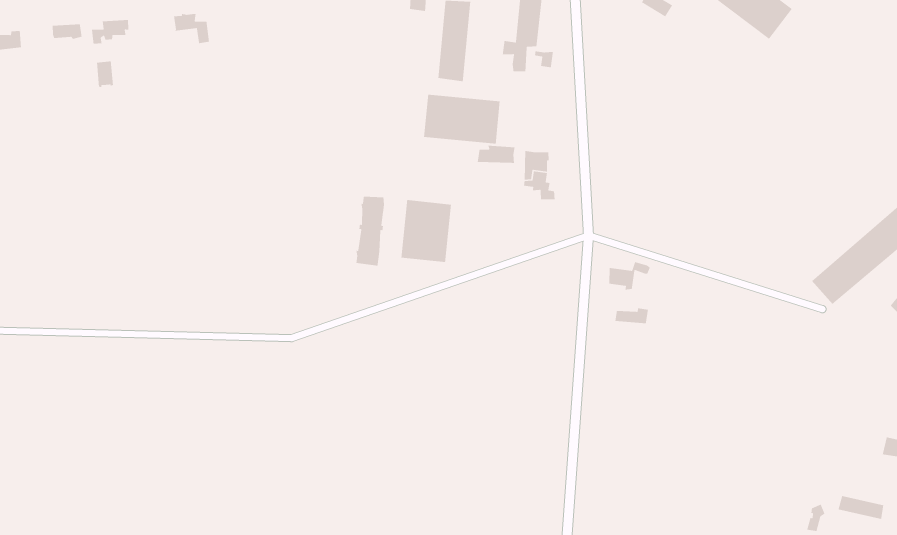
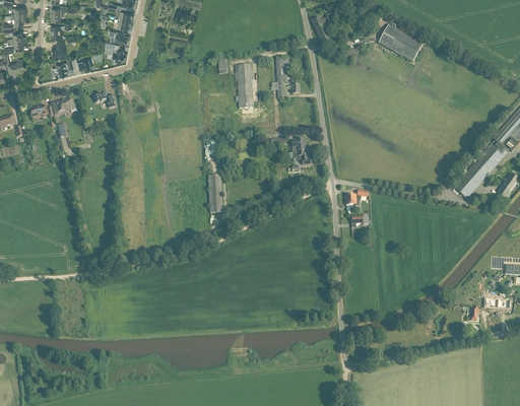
building: [423,94,501,145] -> none
building: [400,199,452,263] -> none

